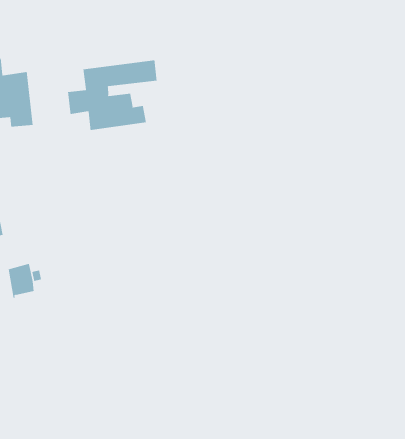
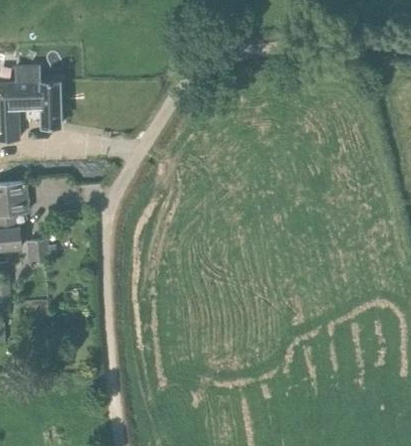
building: [67,60,157,131] -> none

